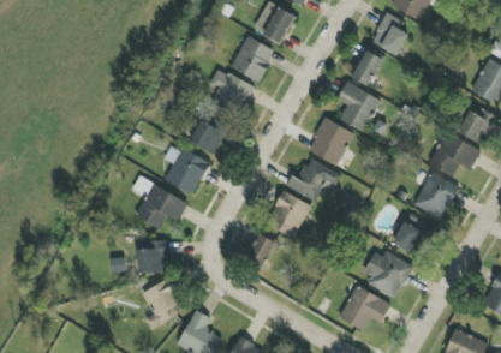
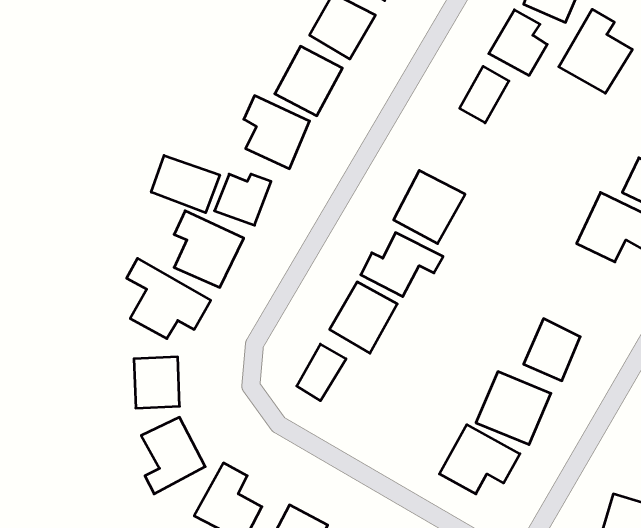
building: none -> [559,9,632,93]
building: [338,83,380,132] -> none
building: none -> [151,155,220,213]
building: [413,173,457,219] -> none

